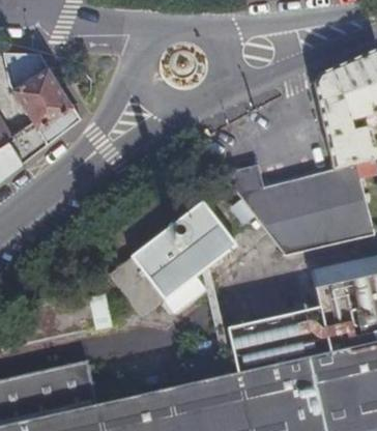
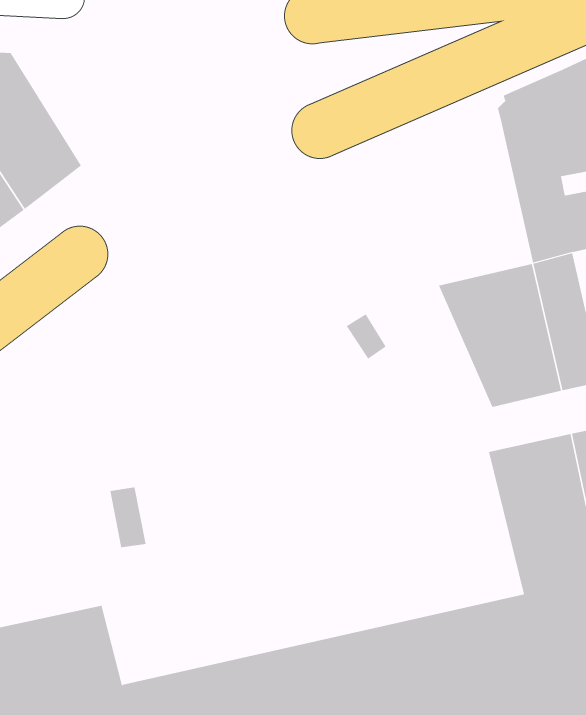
building: [223,166,308,257] -> none
building: [113,204,238,318] -> none
building: [224,306,316,371] -> none

